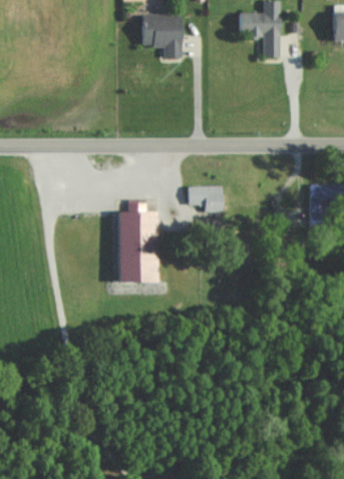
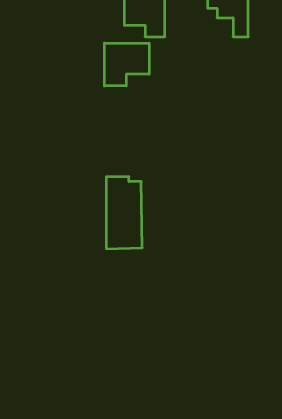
building: none -> [104,43,149,86]
building: [187,184,224,211] -> none

